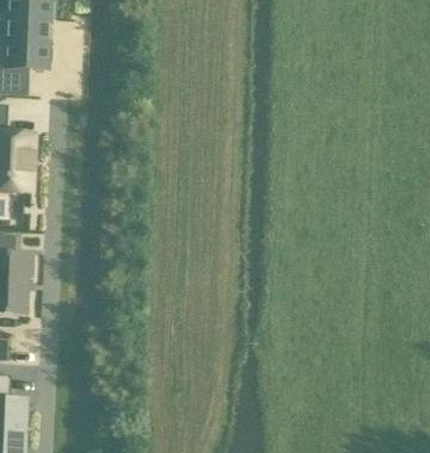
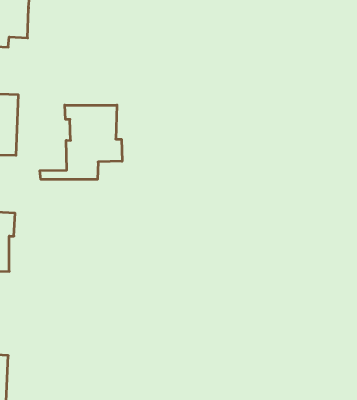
building: none -> [40,105,122,179]

